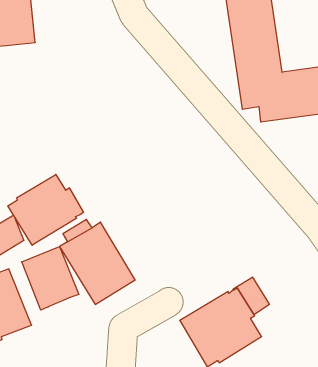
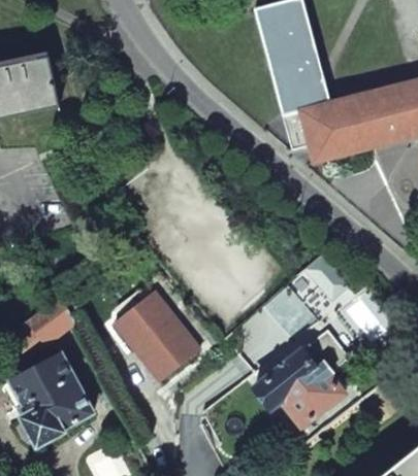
building: [8,174,84,245] -> none
building: [22,247,79,310] -> none

